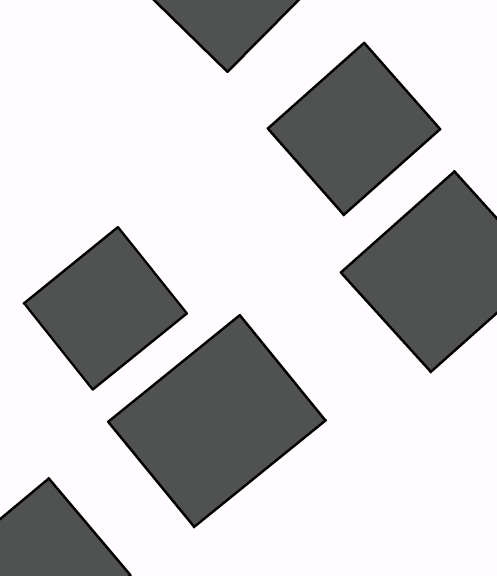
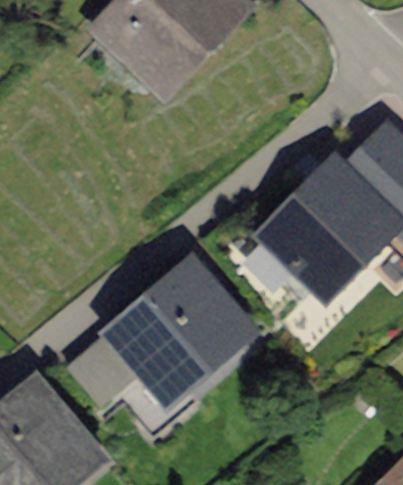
building: [268,43,440,215] -> none
building: [24,227,187,389] -> none

